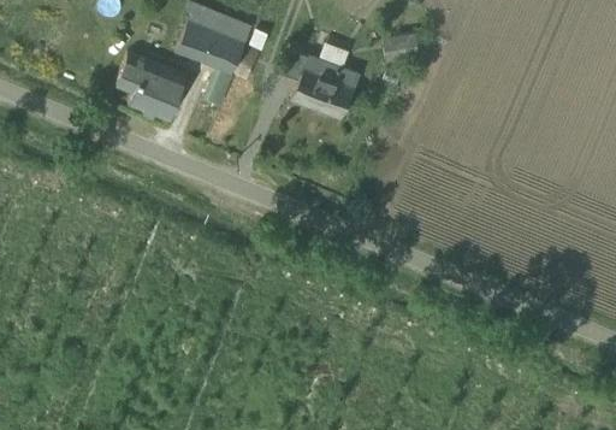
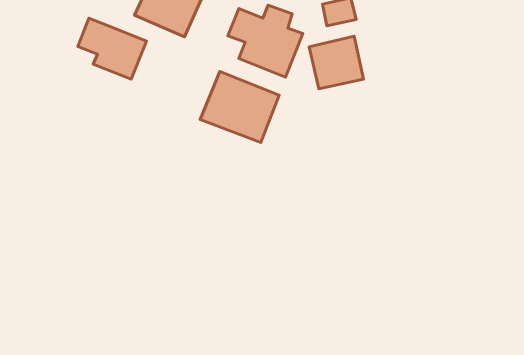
building: none -> [309,36,363,89]
building: none -> [200,71,279,142]

